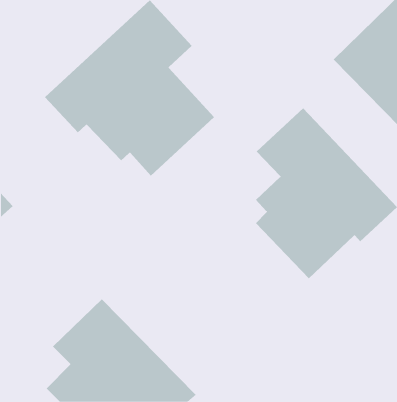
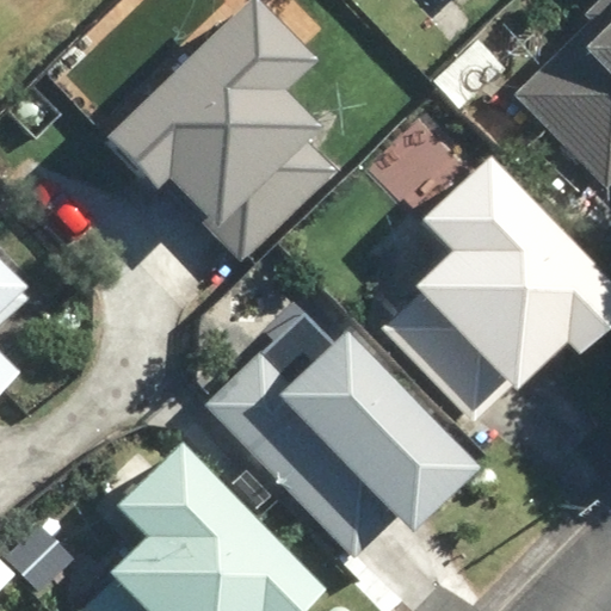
building: none -> [205,307,463,541]

